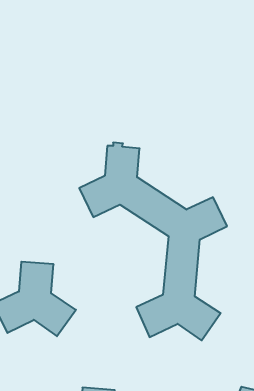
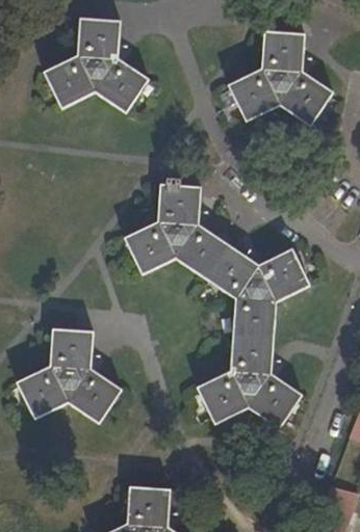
building: none -> [44,18,148,111]
building: none -> [228,31,333,125]

